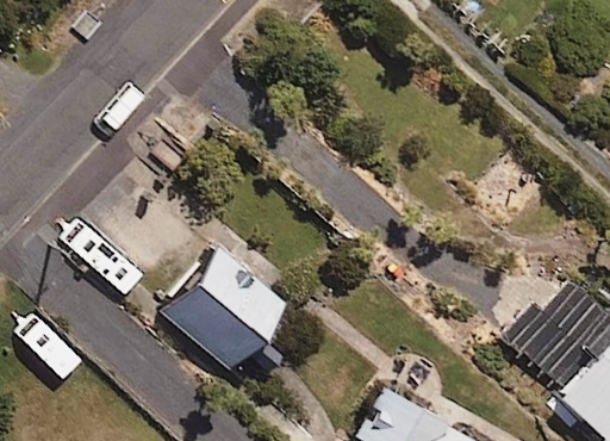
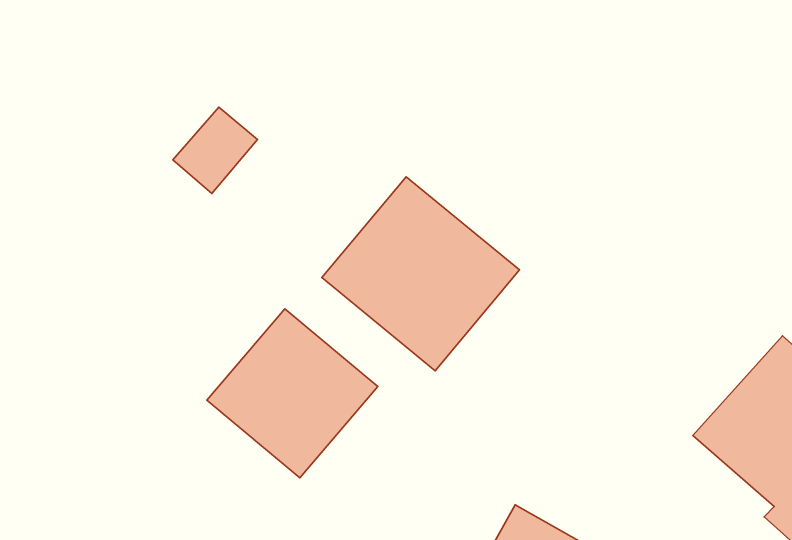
building: none -> [322,177,519,371]

